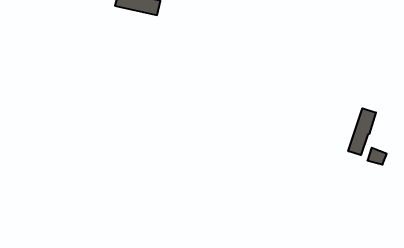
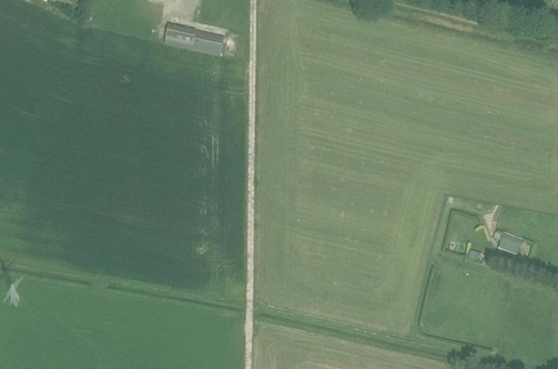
building: [348,108,376,155] -> none

